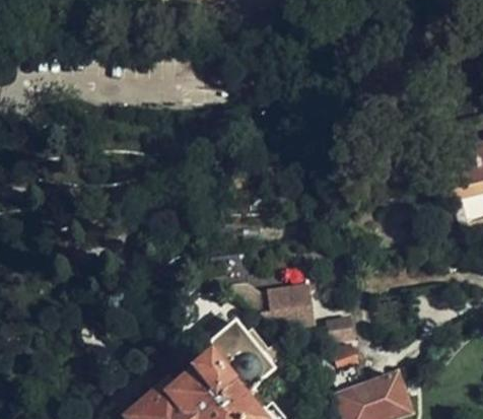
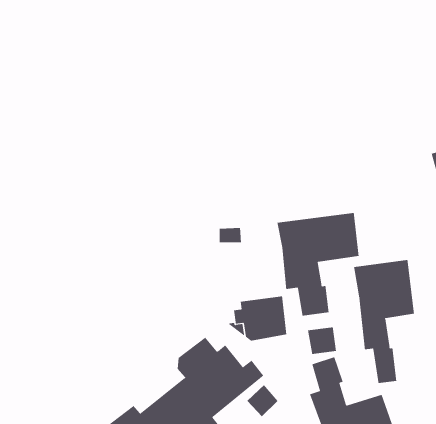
building: none -> [277,212,359,316]
building: none -> [354,259,414,384]

